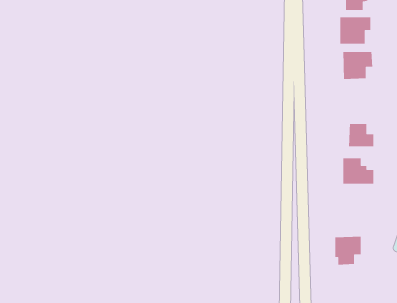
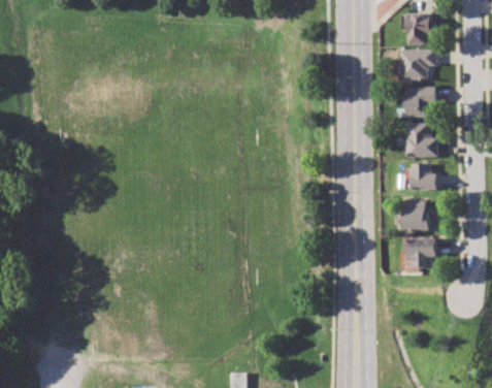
building: none -> [406,124,438,157]
building: [335,236,361,266] -> [407,236,436,268]

